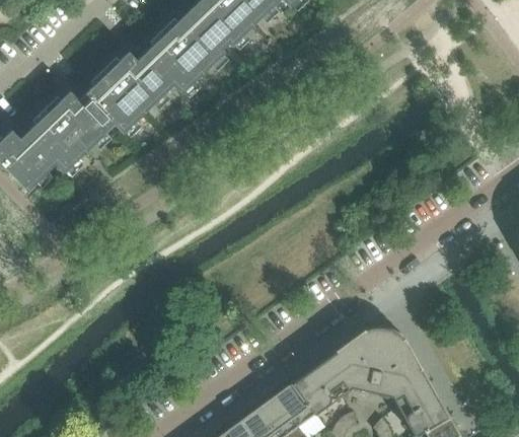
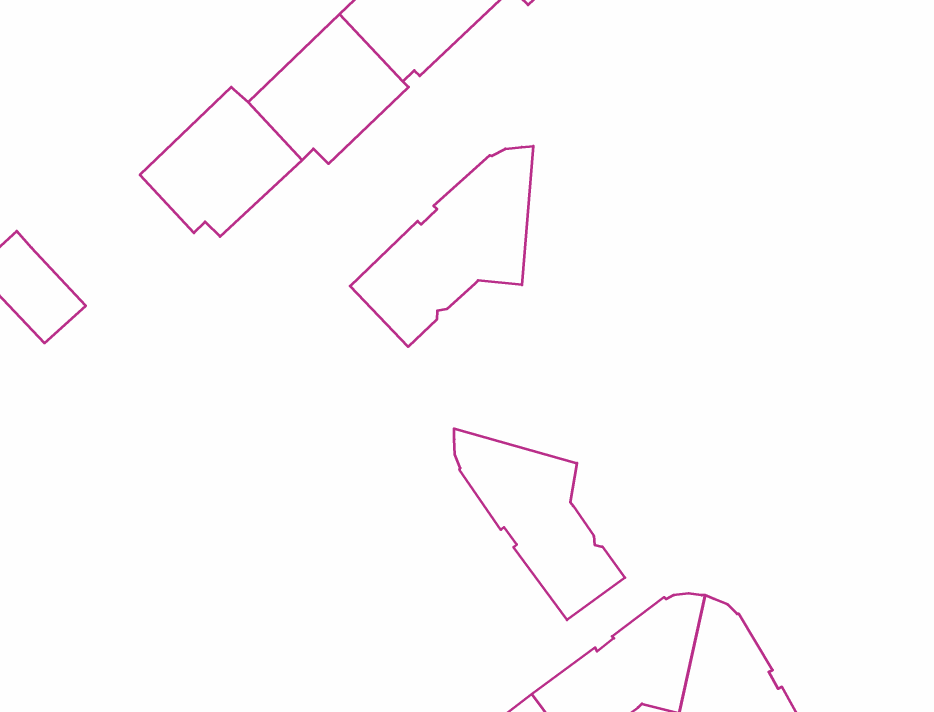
building: none -> [350,146,533,347]
building: [19,91,107,172] -> none
building: none -> [454,429,625,620]

